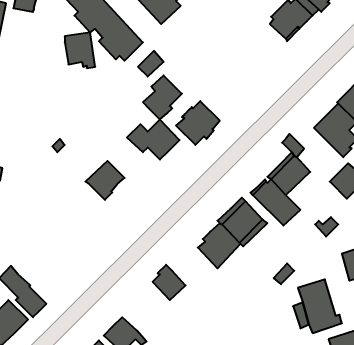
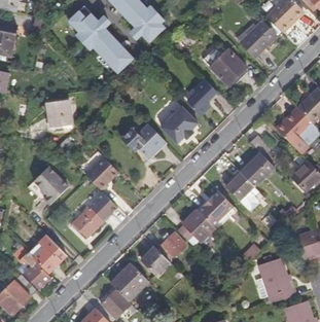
building: none -> [202,45,246,87]
building: [65,33,95,68] -> [45,100,71,130]
building: [143,75,182,119] -> [184,77,217,114]
building: none -> [35,165,69,203]
building: none -> [68,192,116,237]
building: none -> [156,232,186,262]
building: none -> [27,235,66,273]
building: none -> [109,263,146,300]

